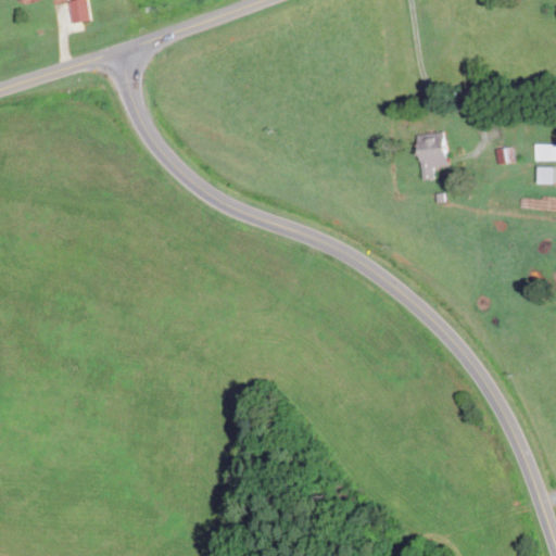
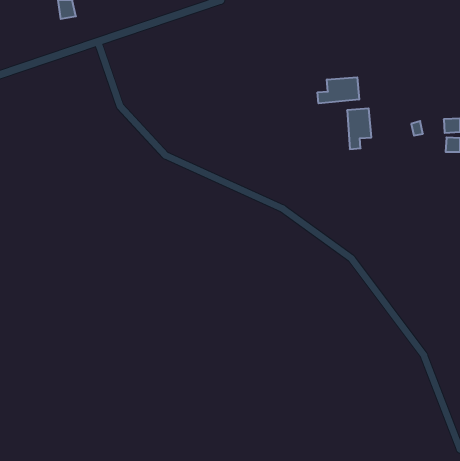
building: none -> [318,77,359,103]

